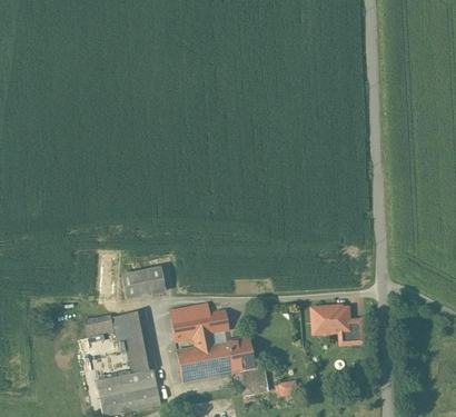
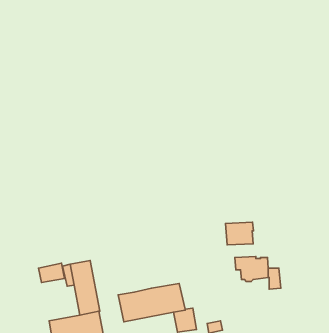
building: none -> [226,222,254,245]
building: [121,268,165,298] -> none
building: [170,308,226,347] -> none

